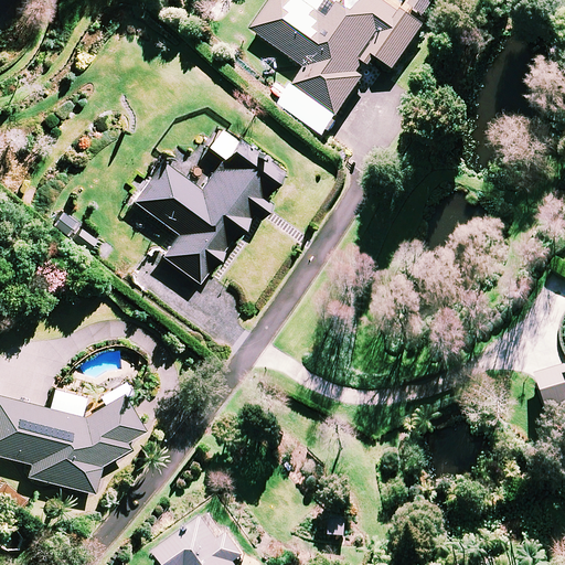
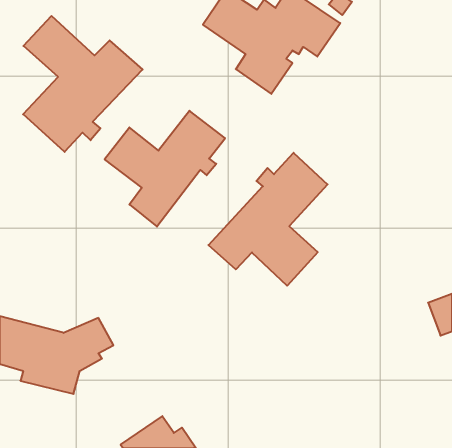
building: none -> [23,16,143,152]
building: none -> [208,153,328,286]

